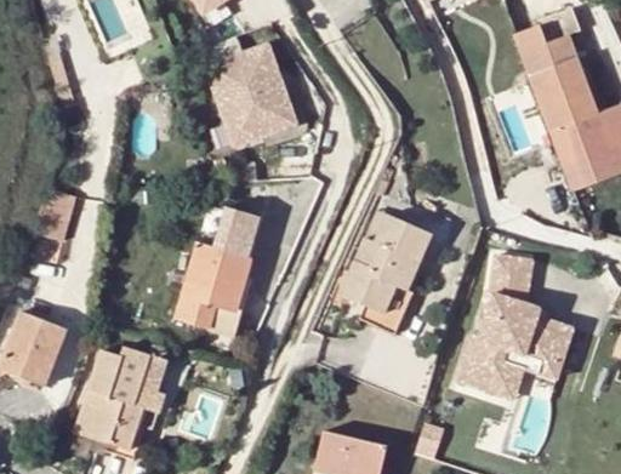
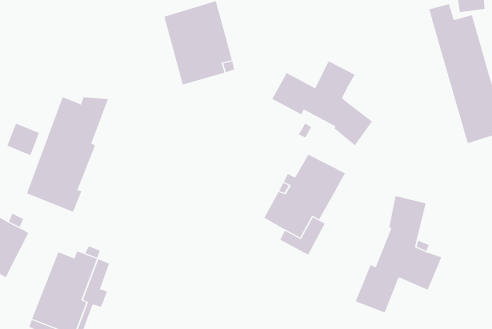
building: none -> [272,61,373,146]
building: [177,200,266,336] -> [26,96,109,212]
building: [490,322,570,400] -> none

